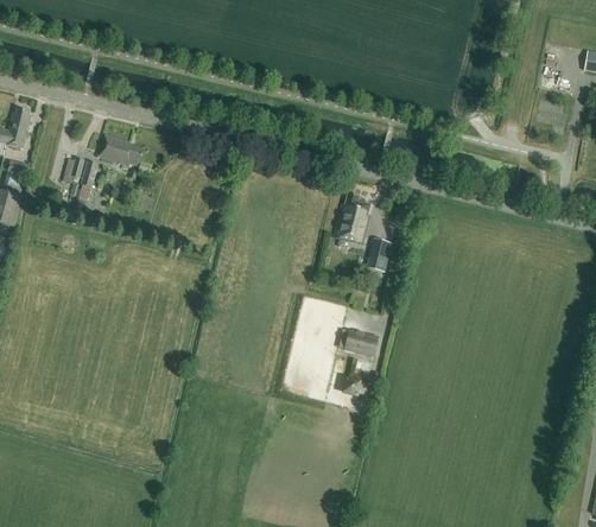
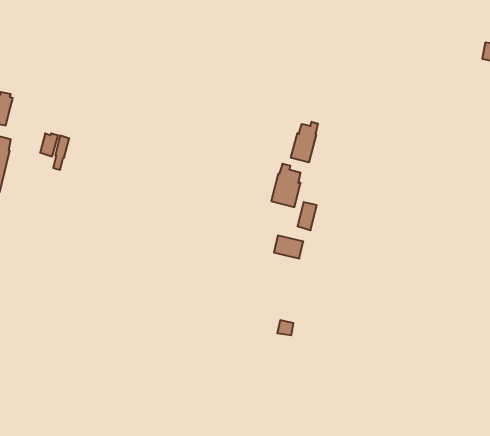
building: [99,134,145,166] -> none
building: none -> [291,122,318,162]
building: [343,330,378,357] -> [274,235,303,259]

